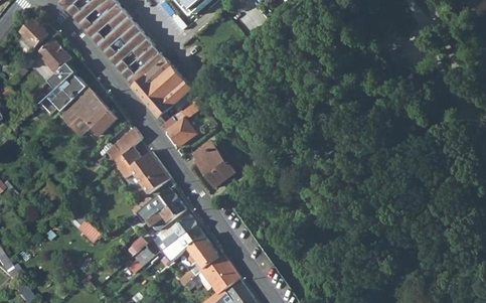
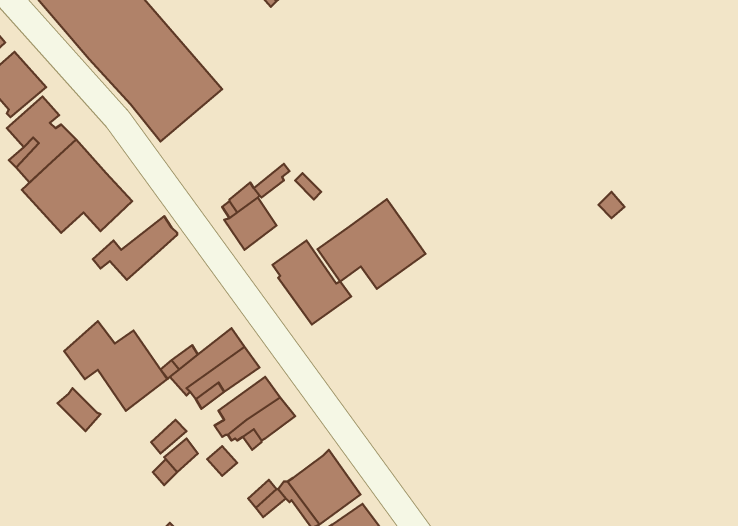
building: [133,58,195,116] -> none
building: none -> [317,199,425,289]
building: [115,145,170,193] -> [64,321,167,411]
building: [189,235,220,268] -> none

